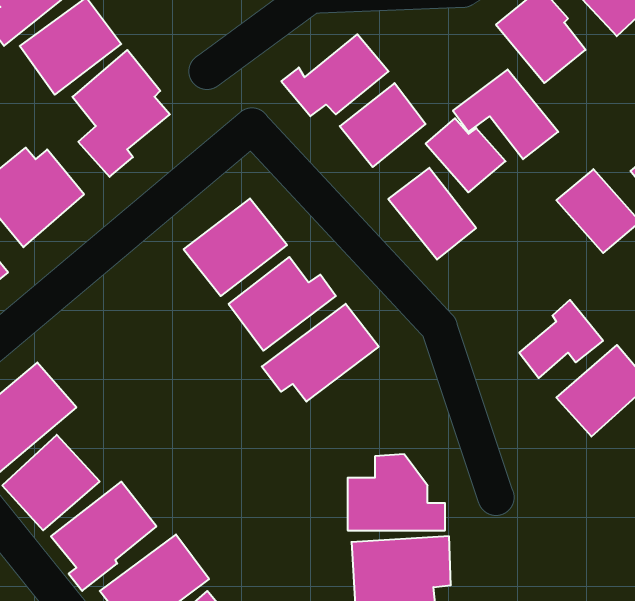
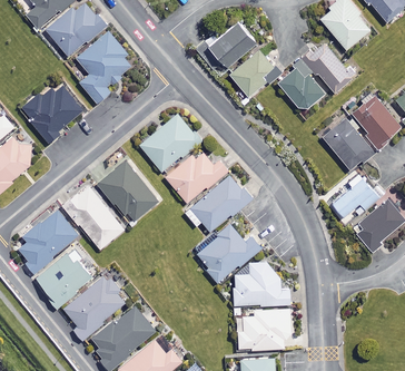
building: [388,168,476,260] -> [322,118,372,170]
building: none -> [98,162,157,223]
building: none -> [63,185,125,248]
building: none -> [196,224,265,281]

